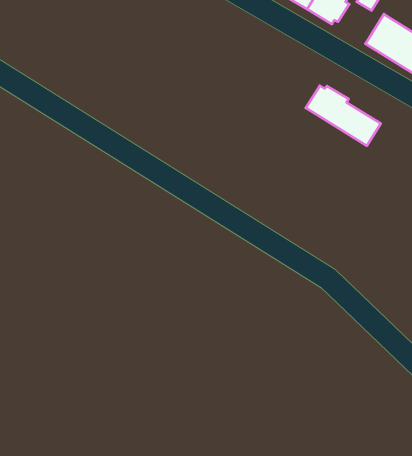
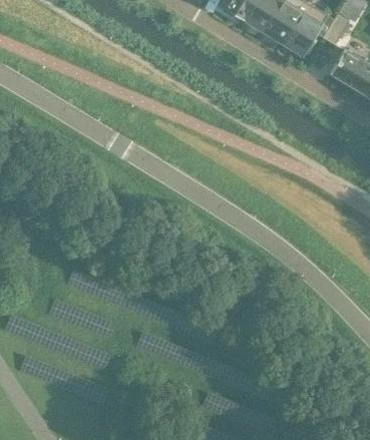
building: [306,86,381,146] -> none

